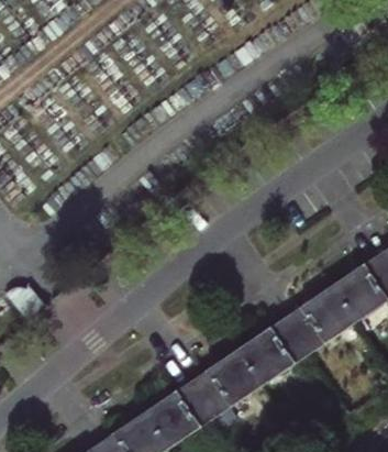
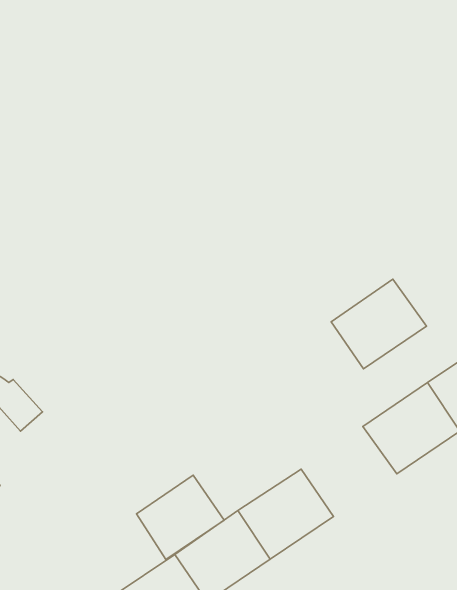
building: [236,319,308,386] -> [331,279,427,369]
building: none -> [137,475,224,559]

